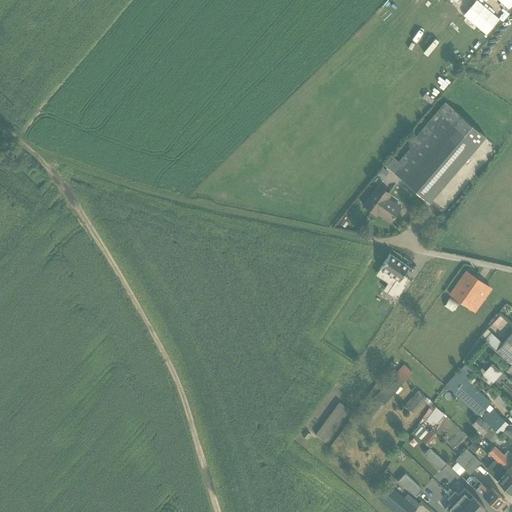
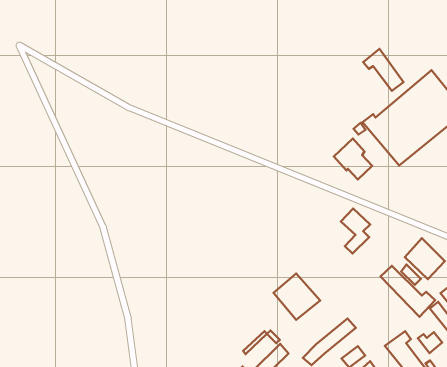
building: none -> [363,49,403,91]
building: none -> [381,266,435,317]
building: none -> [273,274,320,320]

